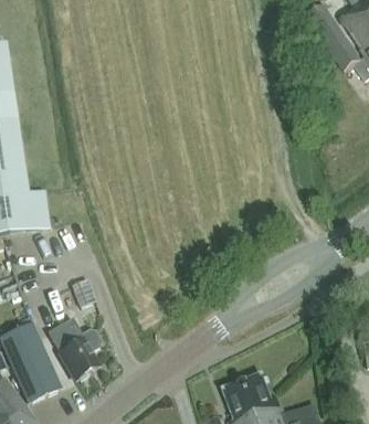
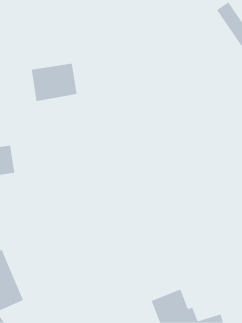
building: none -> [31,63,77,102]
building: [49,317,101,379] -> none

